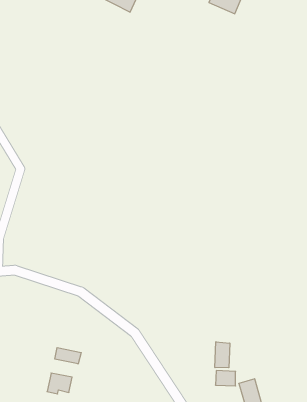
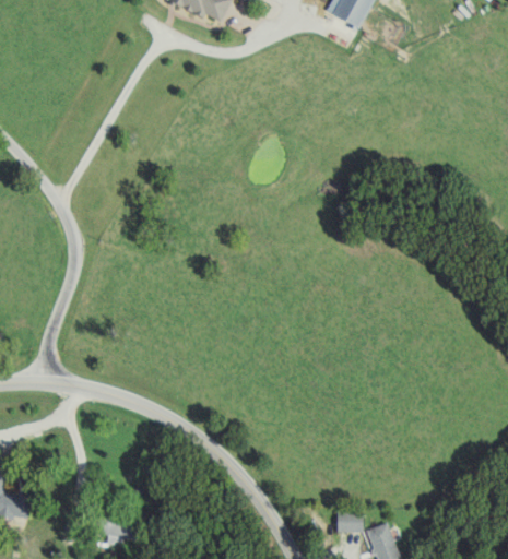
building: [215,342,230,368] -> none
building: [55,348,81,364] -> none

